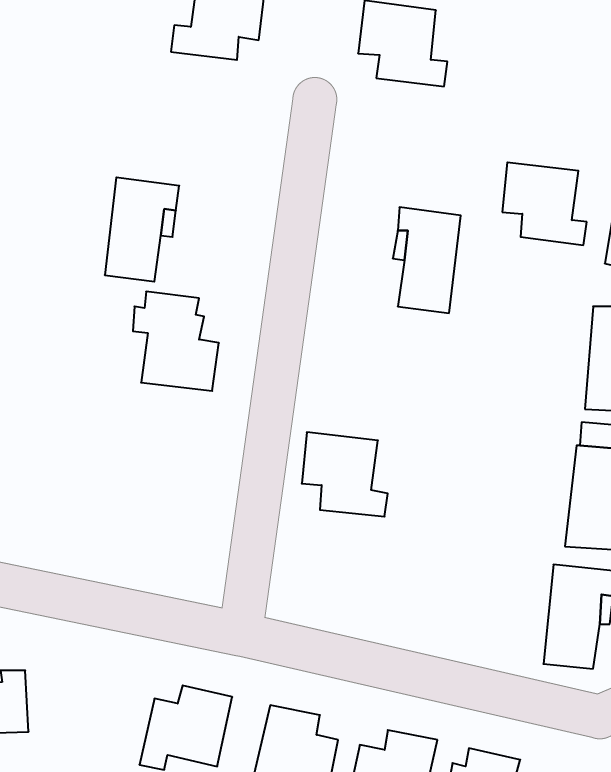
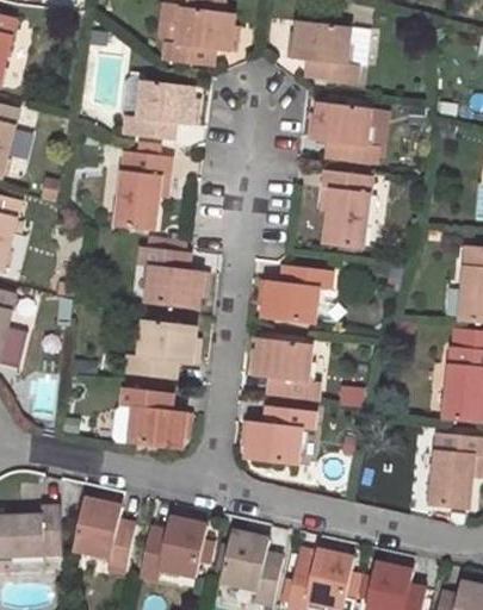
building: none -> [122,82,191,141]
building: [502,162,587,245] -> [317,105,378,164]
building: none -> [264,263,333,322]
building: none -> [120,319,188,378]
building: none -> [114,386,178,449]
building: none -> [246,403,315,461]
building: none -> [73,497,132,572]

